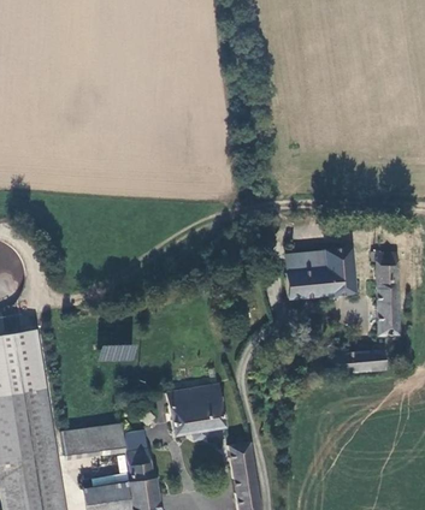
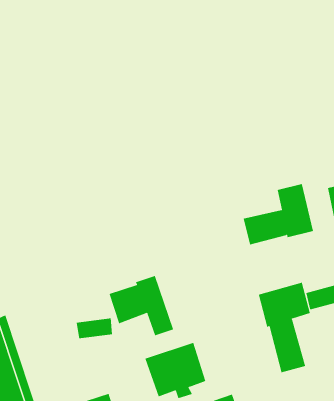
building: [284,247,325,269] -> none
building: none -> [109,275,174,336]
building: none -> [258,282,310,373]

